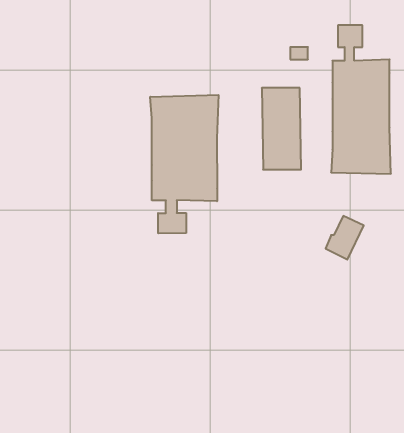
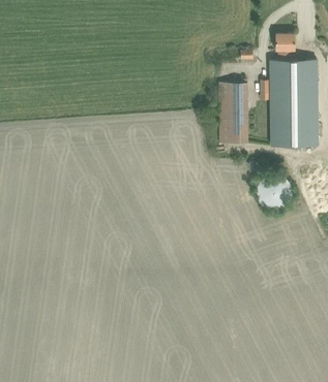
building: [150,95,218,233] -> none

